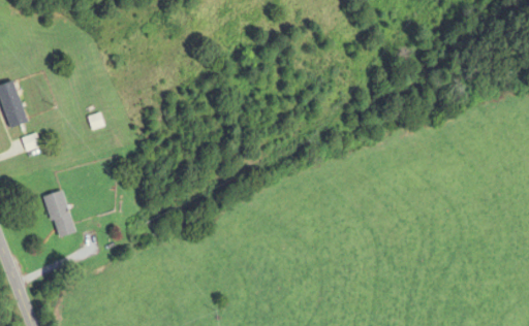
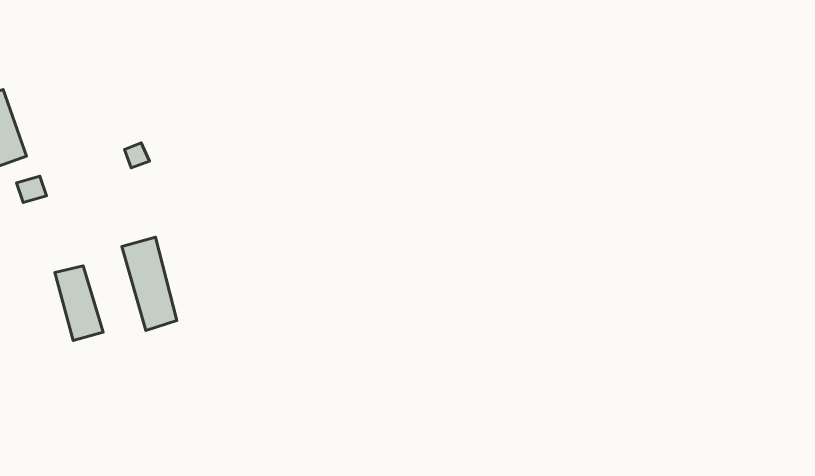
building: none -> [122,237,177,330]

